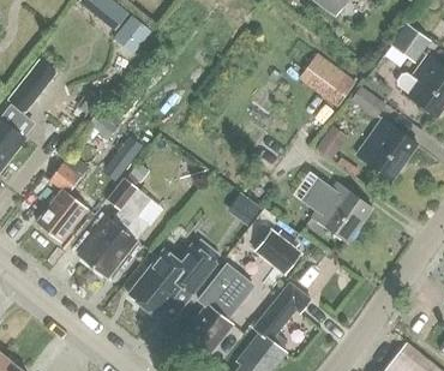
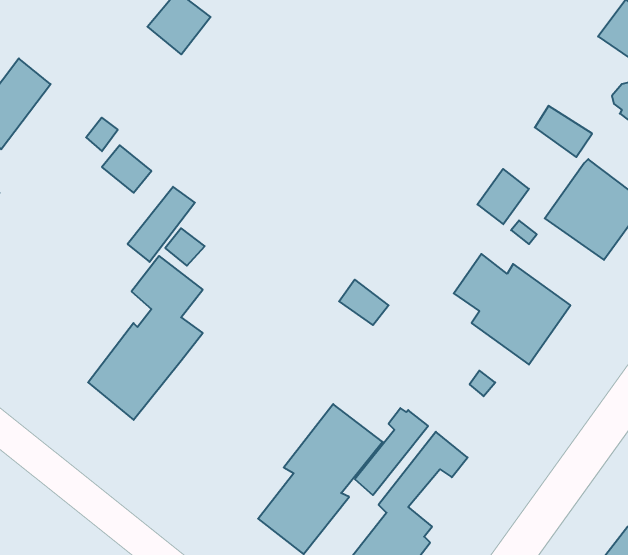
building: [300,53,356,106] -> none
building: [36,152,88,239] -> none
building: [256,228,302,275] -> none
building: [130,239,221,316] -> none

